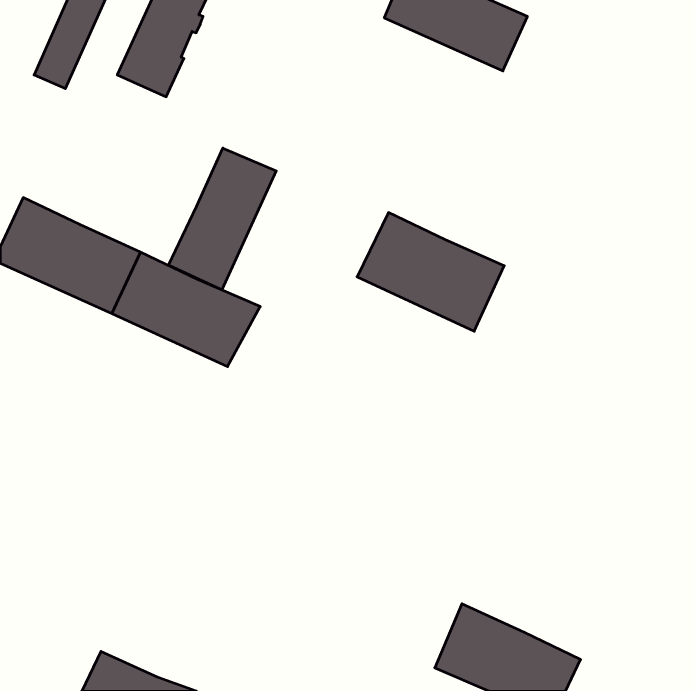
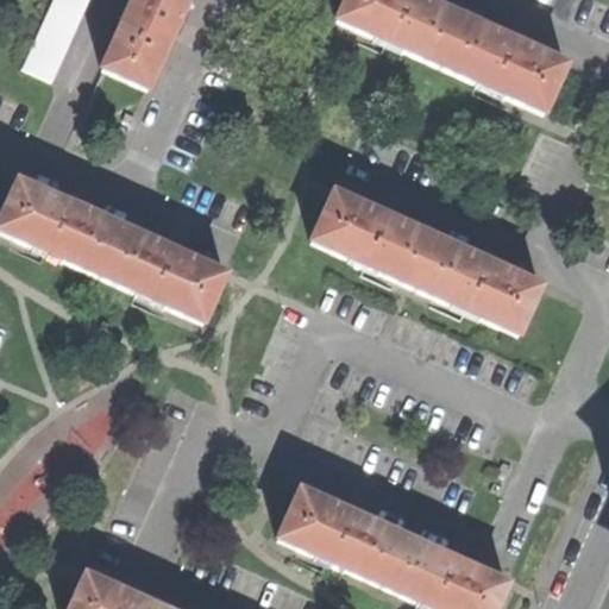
building: none -> [440,14,565,108]
building: [169,148,276,290] -> none
building: none -> [415,232,542,335]
building: none -> [278,481,404,583]

